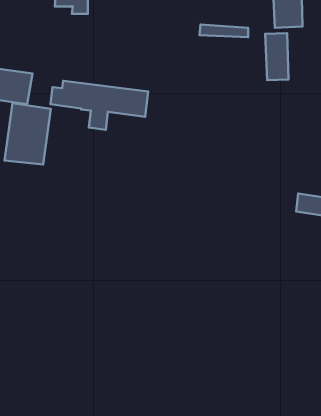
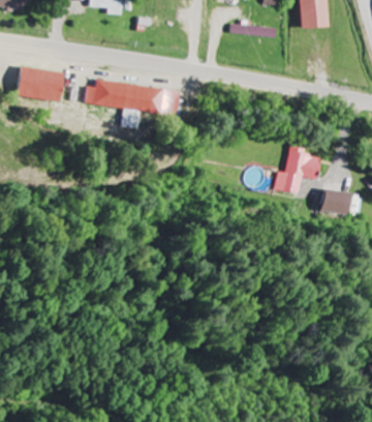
building: [265,33,289,80] -> none
building: [4,103,51,165] -> none
building: none -> [275,147,319,193]

